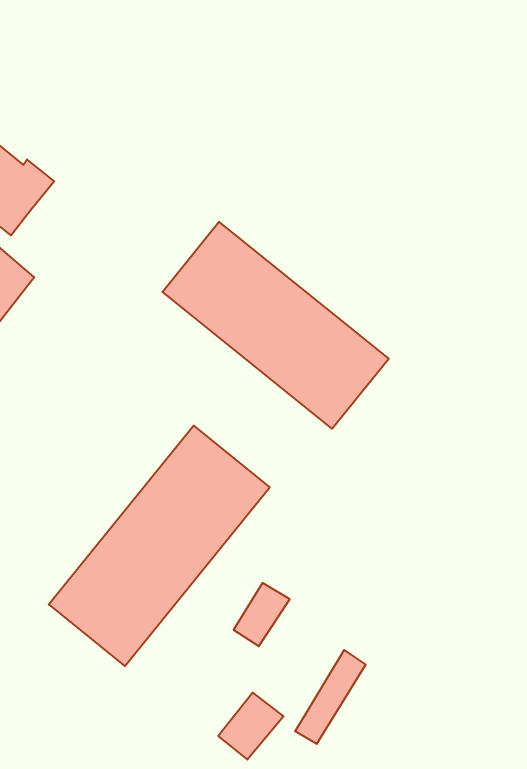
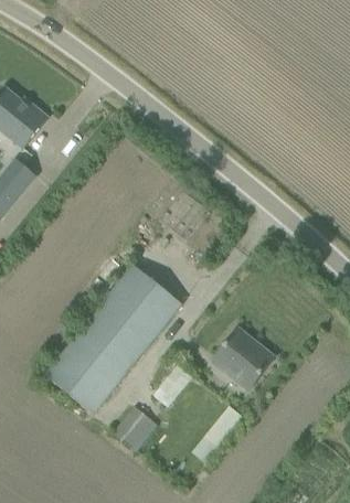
building: [162,222,389,429] -> none
building: none -> [210,325,273,388]
building: [218,693,284,760] -> [113,406,152,447]

